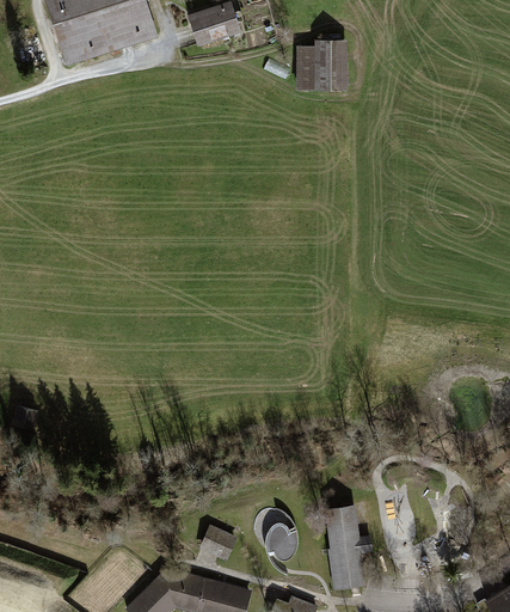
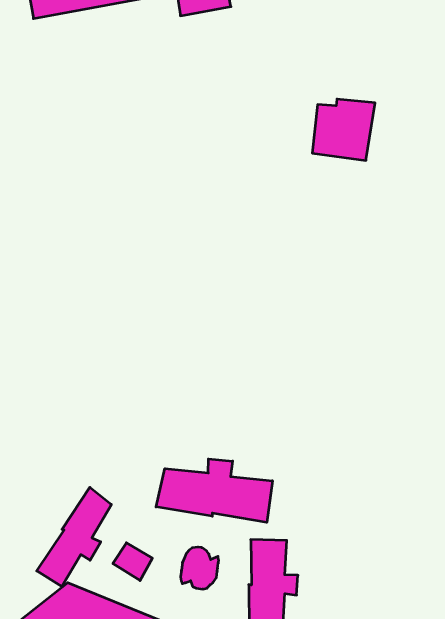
building: [296,38,348,91] -> [312,99,375,160]
building: none -> [156,459,272,522]
building: none -> [37,487,111,587]

